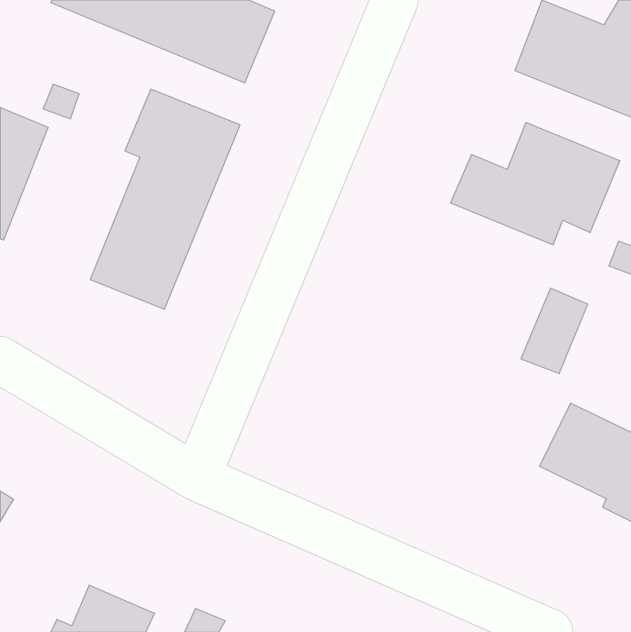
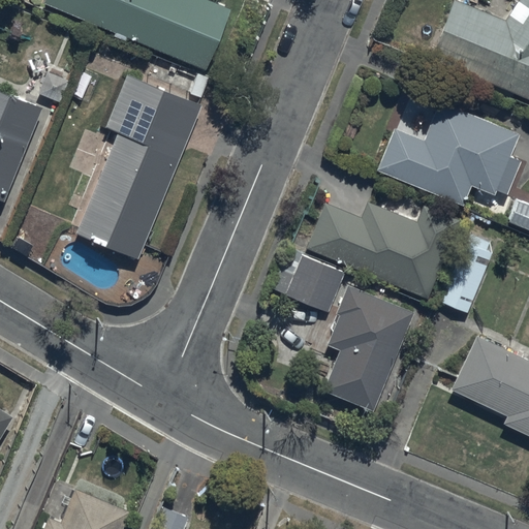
building: none -> [307,203,459,298]
building: none -> [287,256,344,311]
building: none -> [324,286,413,410]

